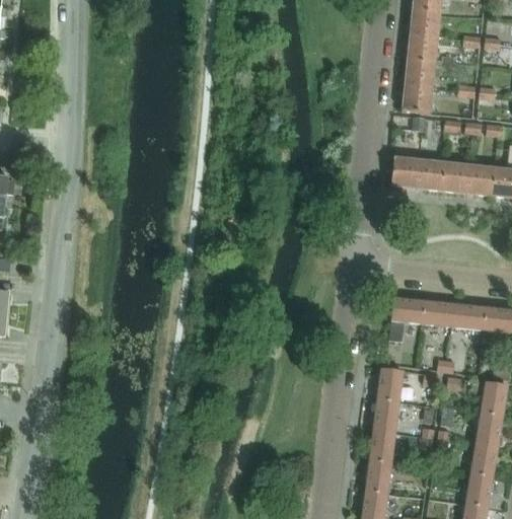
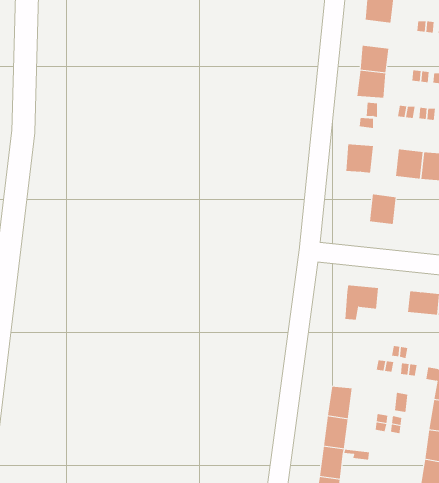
building: [408,33,437,62] -> none
building: [417,159,444,190] -> [369,194,397,224]
building: [423,301,455,325] -> none
building: [377,368,403,401] -> none

